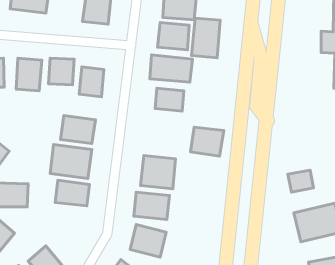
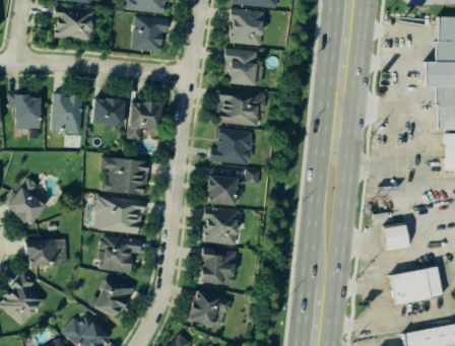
building: [192,18,220,58] -> none
building: [191,127,224,156] -> [200,165,240,200]
building: none -> [92,271,136,315]

